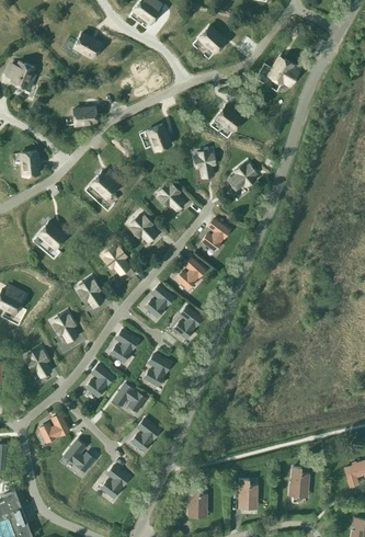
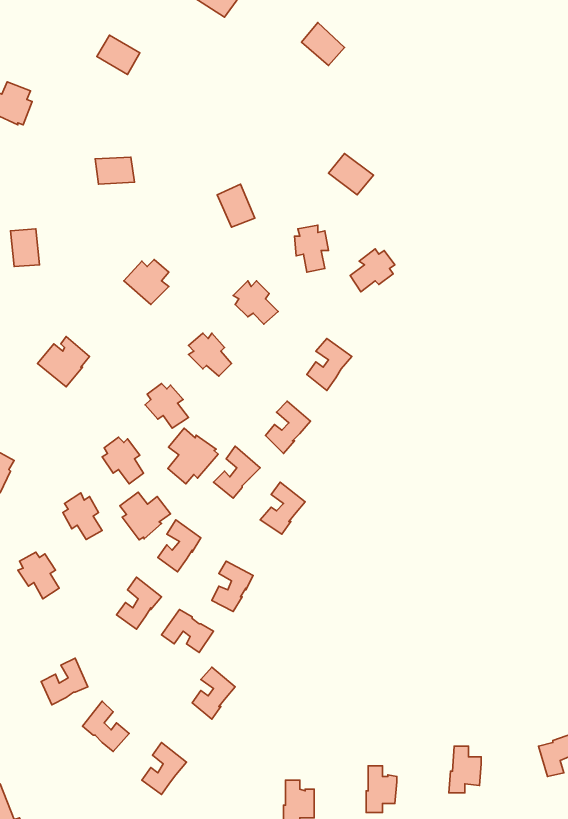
building: [267,56,298,85] -> none
building: none -> [168,428,218,484]
building: none -> [120,492,170,540]

